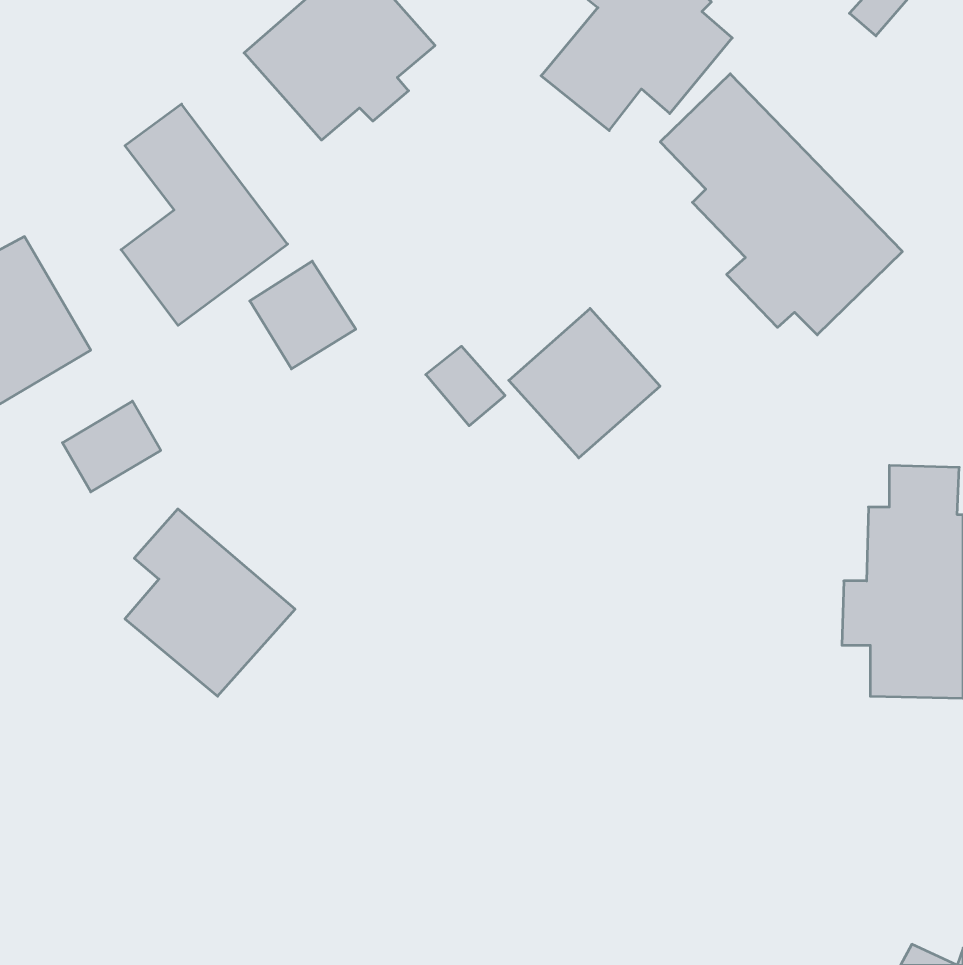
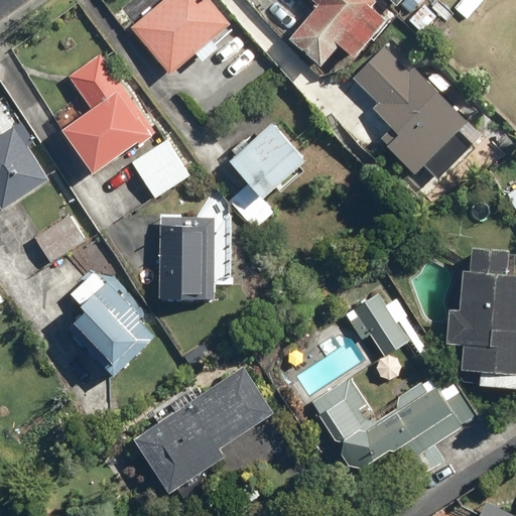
building: [509,308,660,458] -> [229,119,309,199]
building: none -> [159,216,214,301]
building: none -> [353,292,407,355]
building: none -> [132,365,276,494]
building: none -> [318,378,476,471]

